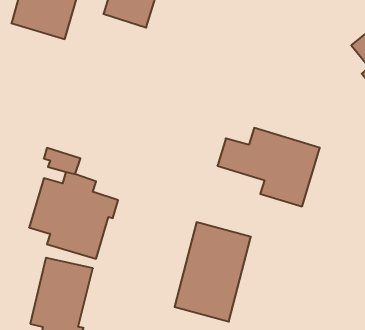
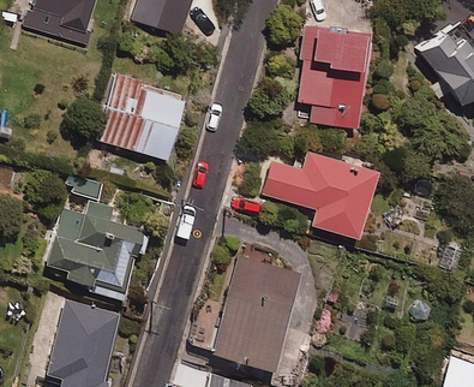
building: none -> [296,26,368,127]
building: none -> [97,73,186,160]

